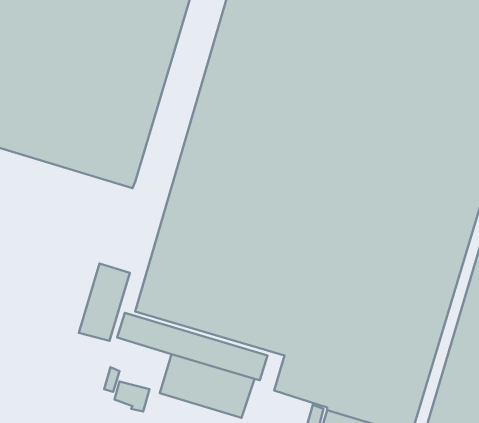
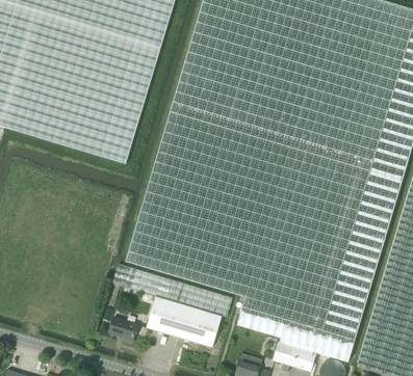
building: [79,264,130,341] -> none

